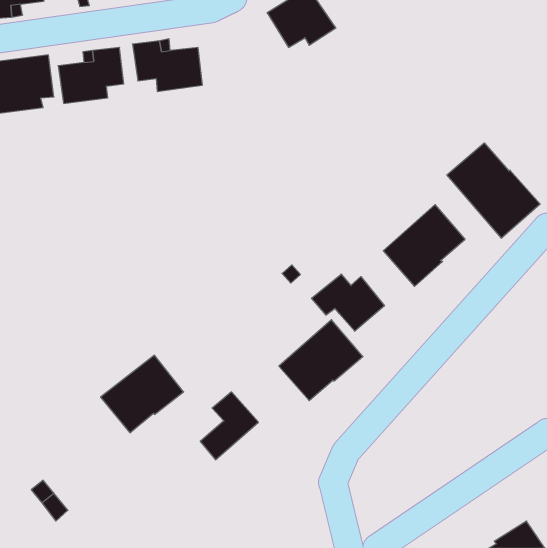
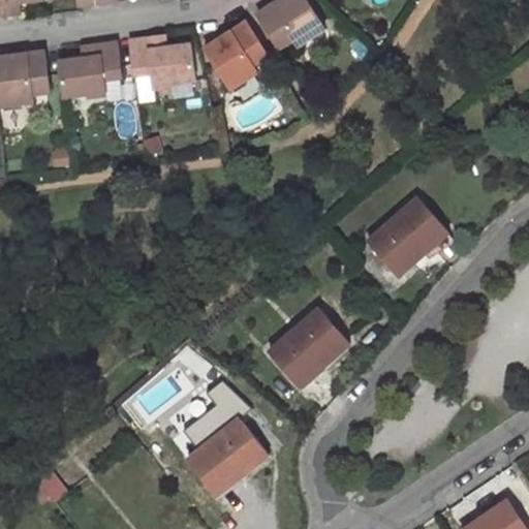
building: none -> [204,24,266,90]
building: [447,143,540,238] -> none
building: [312,274,384,331] -> none
building: [101,355,184,433] -> [187,418,267,493]

